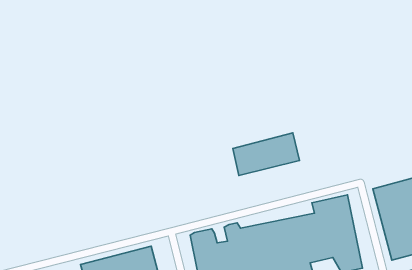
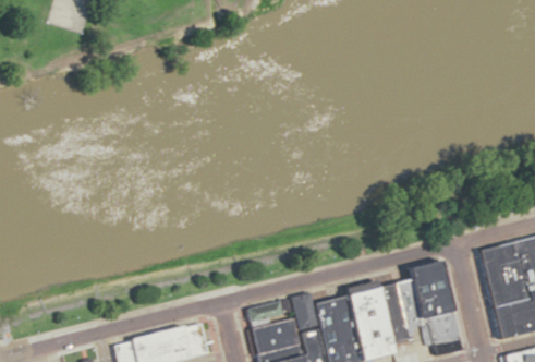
building: [233,133,299,175] -> none

